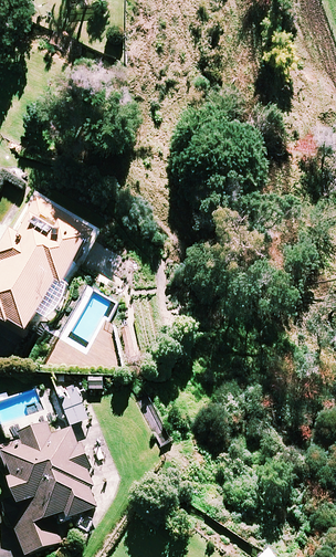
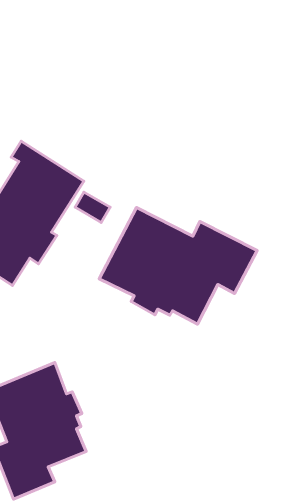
building: none -> [99,207,257,324]

